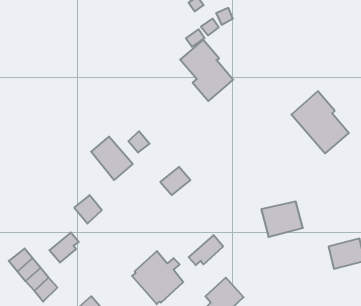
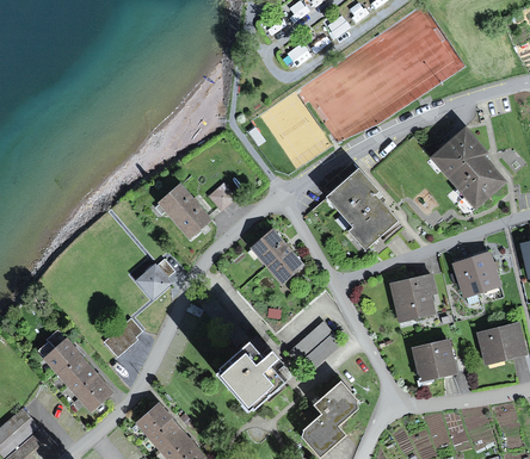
building: [180,40,233,101] -> [332,169,403,252]
building: none -> [266,244,307,283]
building: none -> [452,254,499,298]
building: none -> [413,339,458,380]

